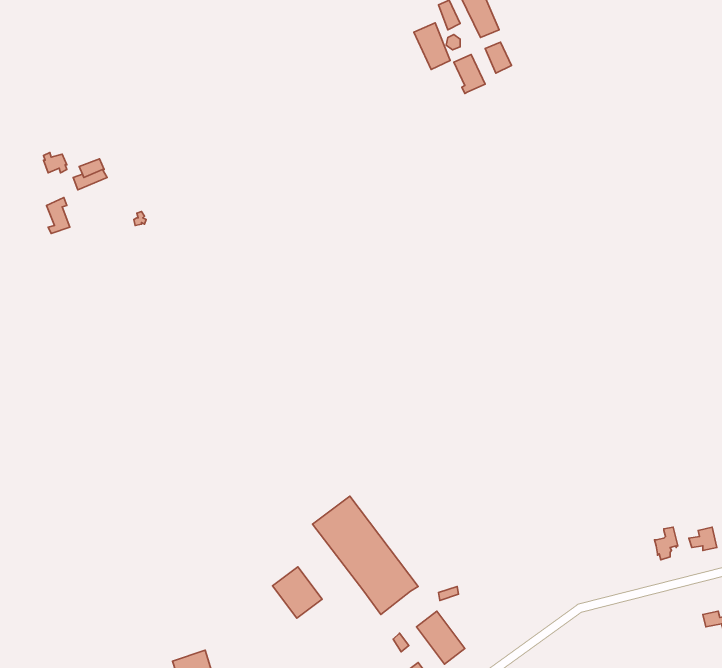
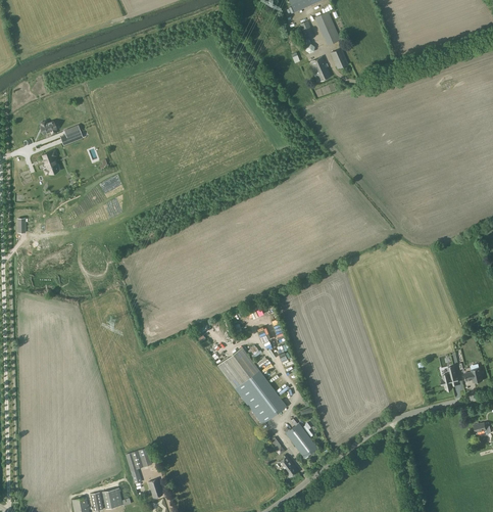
building: [414,23,450,70] -> none
building: [272,567,322,618] -> none

